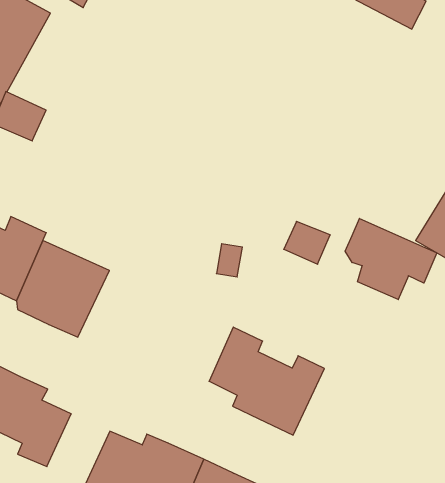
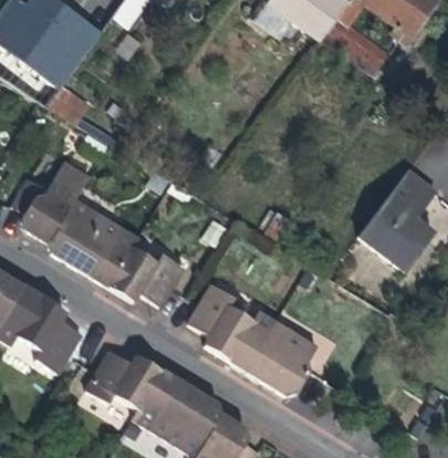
building: [345,218,437,300] -> none
building: none -> [94,229,185,304]
building: none -> [248,323,316,394]

